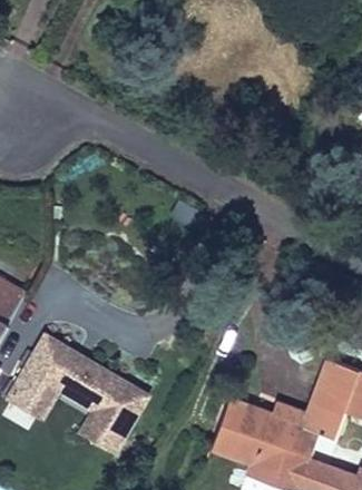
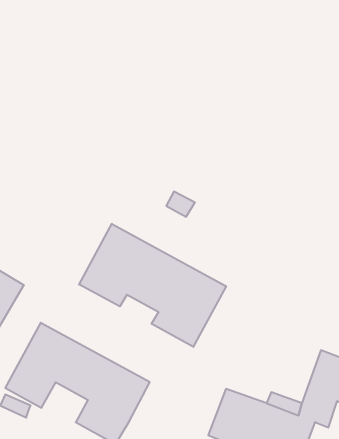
building: none -> [79,224,226,347]

